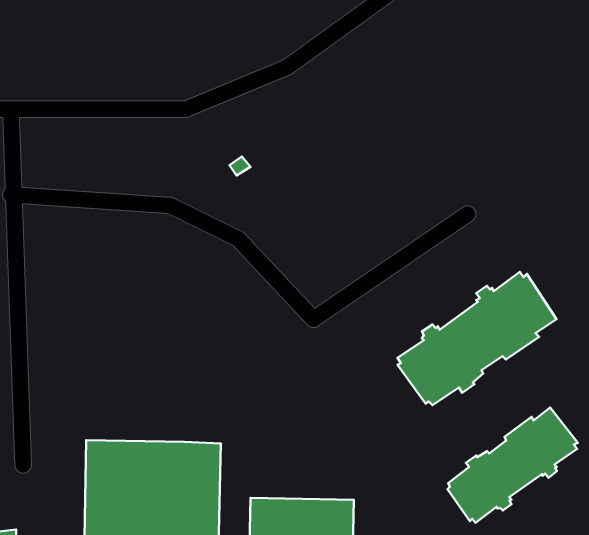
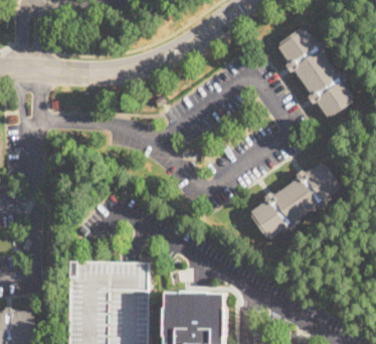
building: none -> [277,28,353,118]
building: [447,407,578,523] -> none

